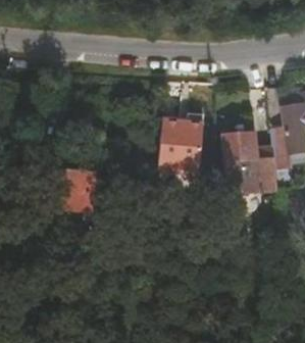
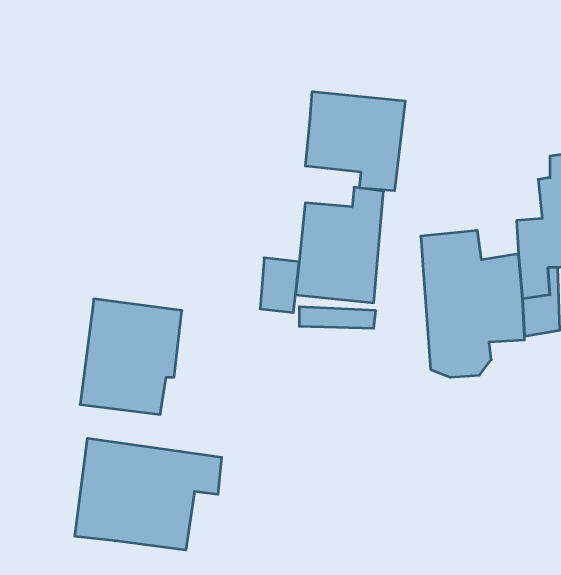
building: none -> [305,92,405,191]
building: none -> [75,438,222,550]

